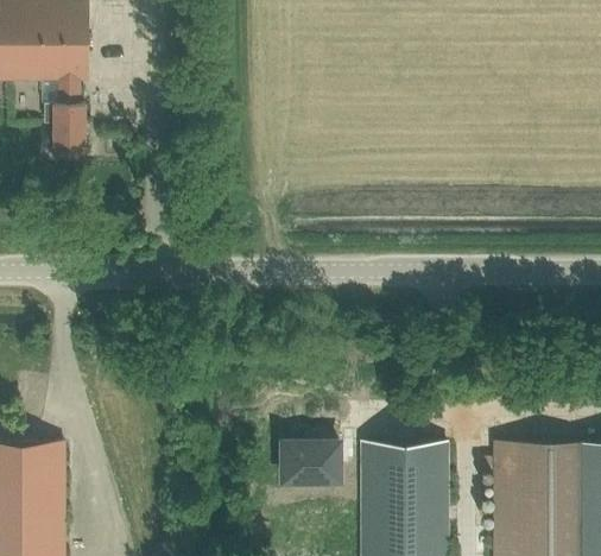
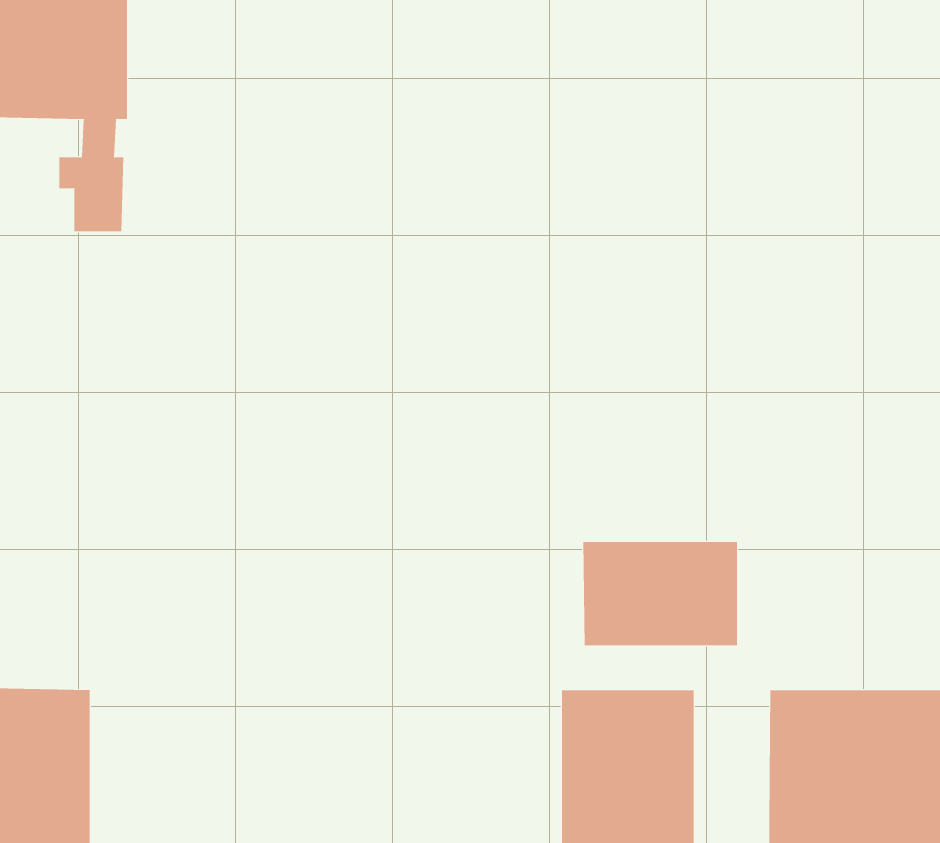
building: none -> [583,541,738,646]
building: [281,443,337,482] -> none

